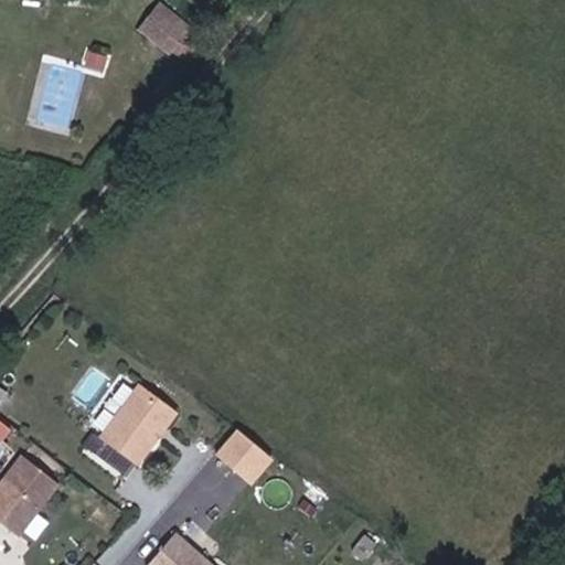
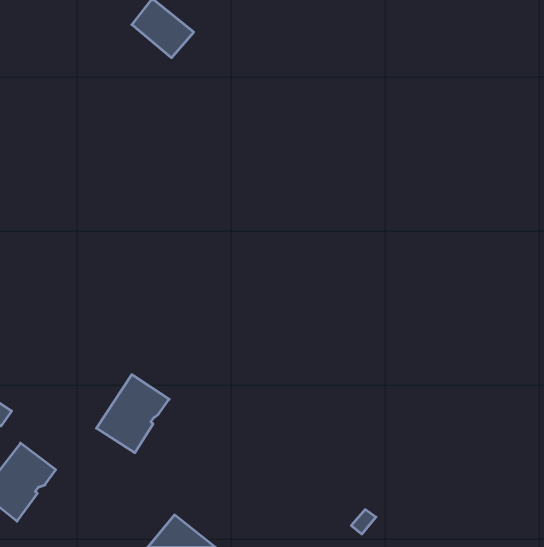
building: [212,428,271,486] -> none

